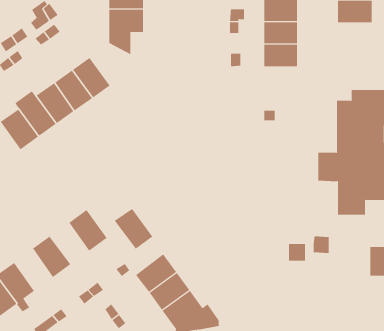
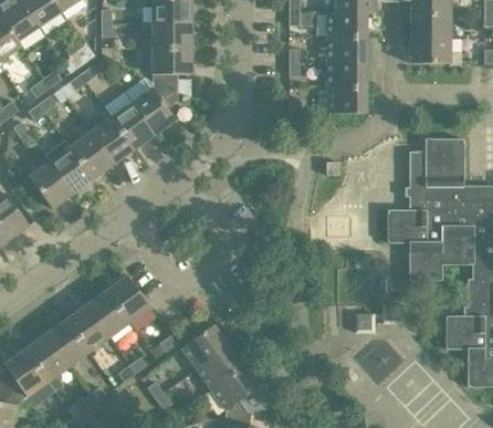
building: none -> [130,87,177,135]
building: [114,208,153,249] -> [85,290,129,336]
building: none -> [45,319,88,366]

